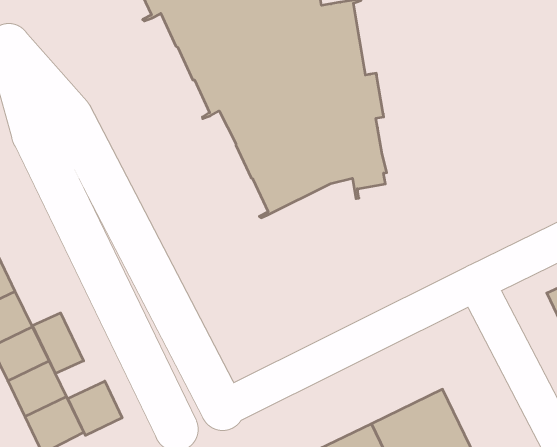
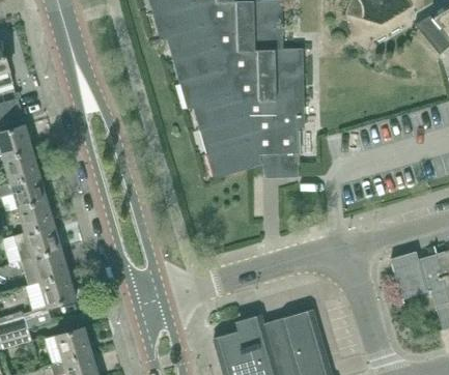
building: [32,313,84,374] -> none
building: [68,381,122,435] -> none

